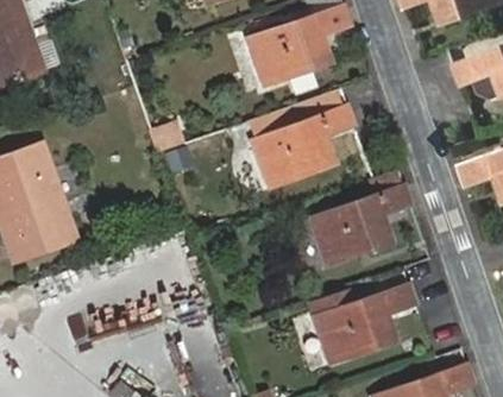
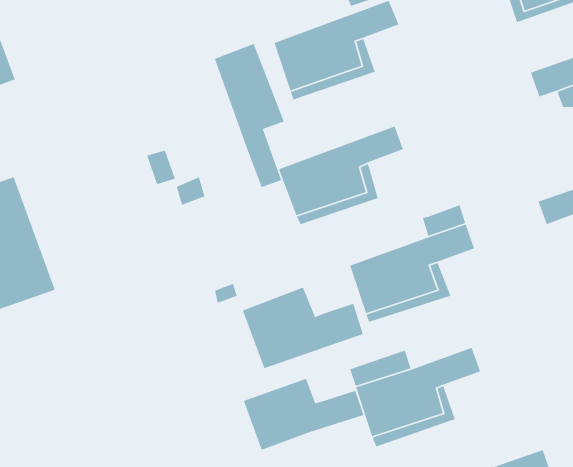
building: none -> [214,43,285,188]
building: none -> [242,287,364,369]
building: none -> [243,378,364,451]

